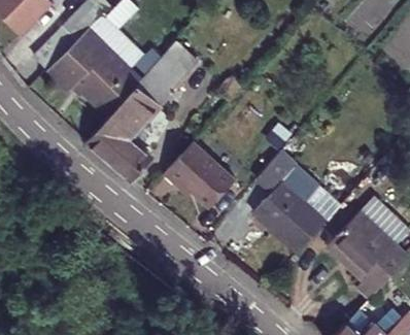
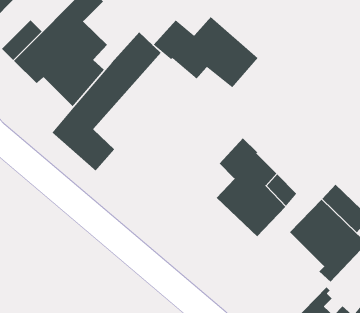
building: none -> [153,16,259,88]
building: [163,142,234,208] -> none

